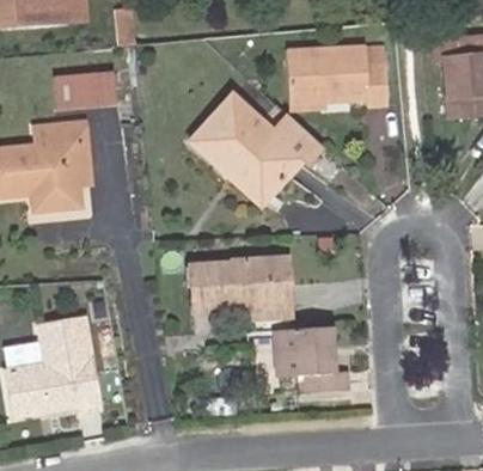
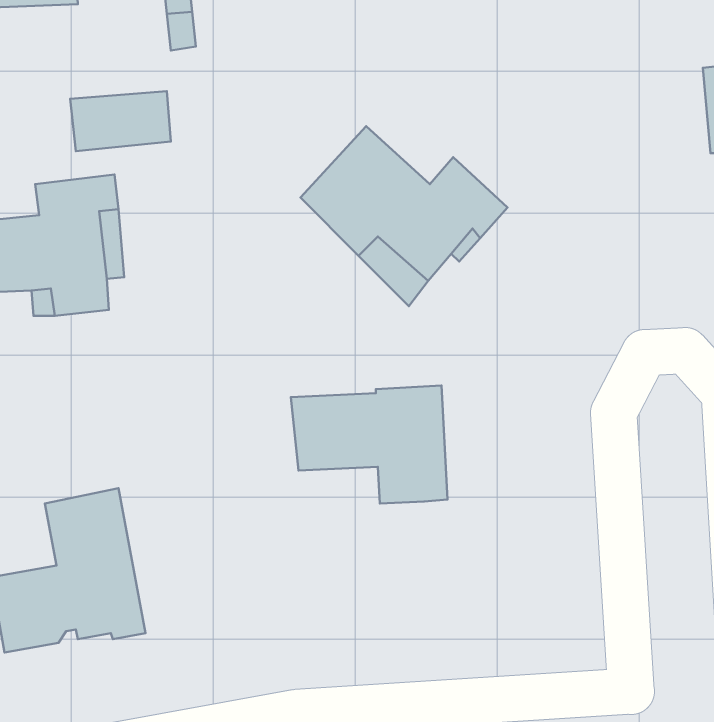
building: [288,47,389,105] -> none
building: [274,324,342,390] -> none

